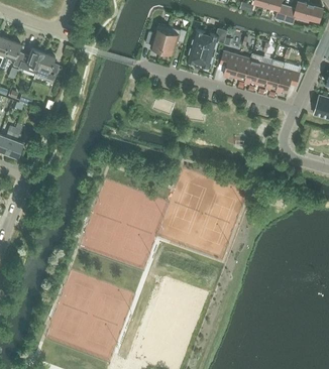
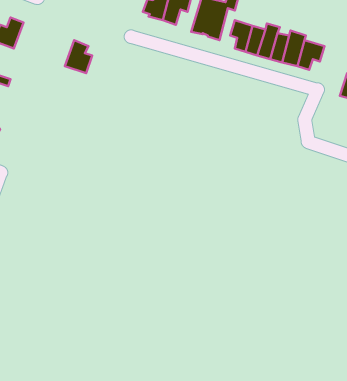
building: [35,51,59,80] -> [65,40,92,73]

